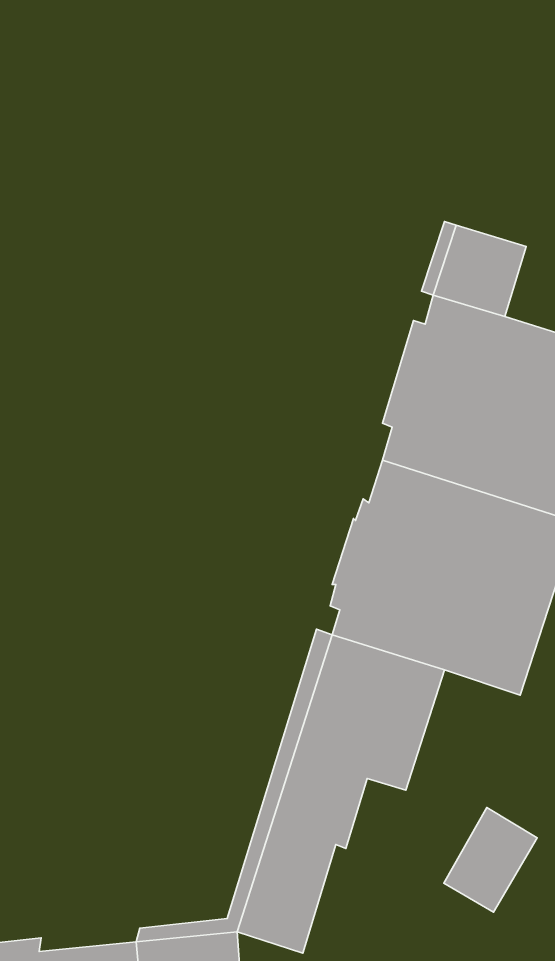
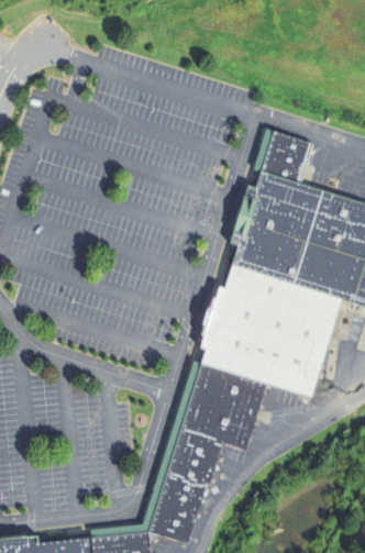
building: [444,807,537,912] -> none

